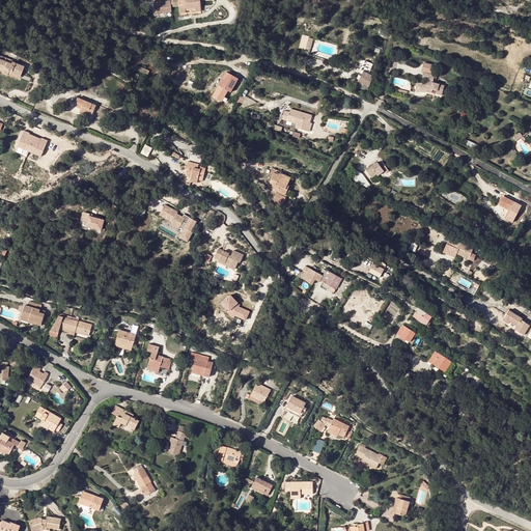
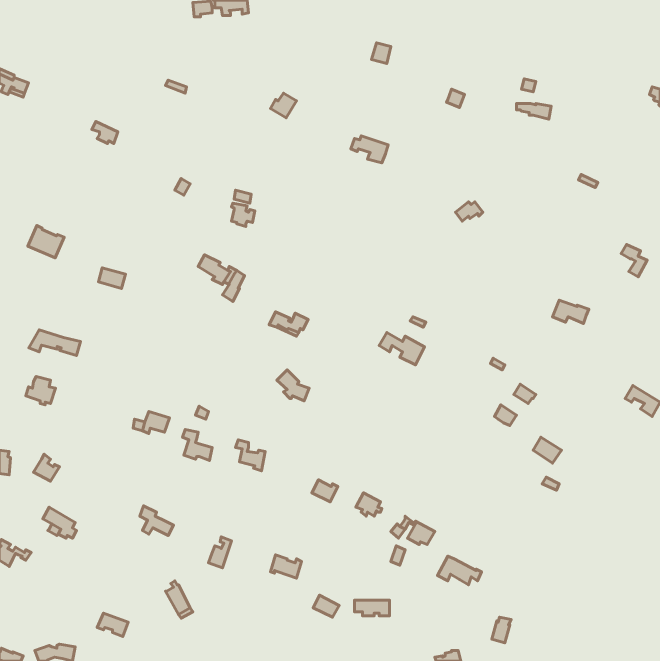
building: [16,132,45,158] -> [28,226,64,258]
building: [268,173,294,209] -> none
building: [50,315,91,336] -> [29,330,80,356]

